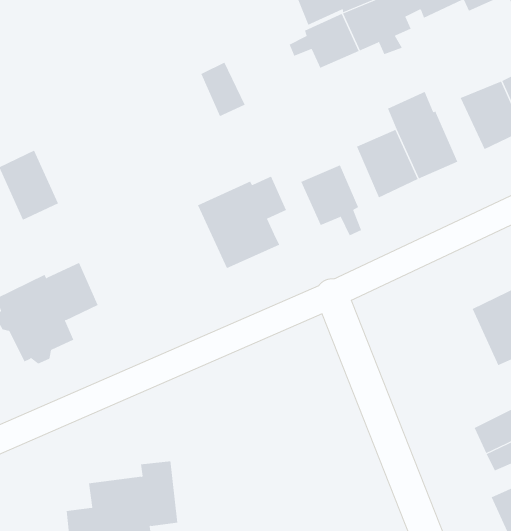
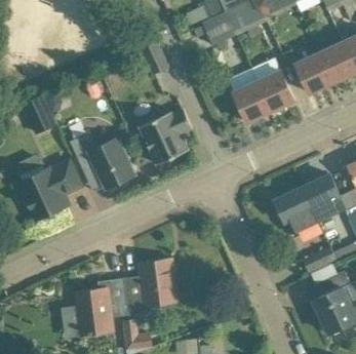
building: [300,164,362,236] -> none
building: none -> [70,131,134,187]
building: none -> [275,187,318,233]
building: none -> [124,258,177,314]

